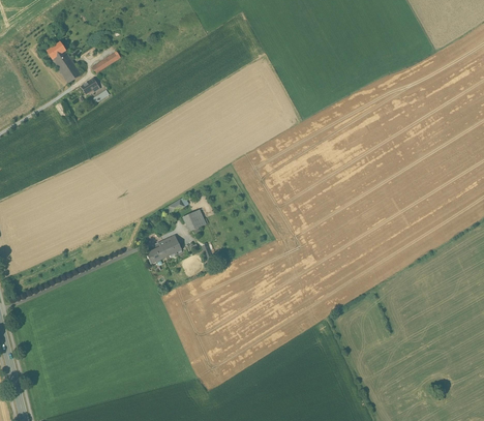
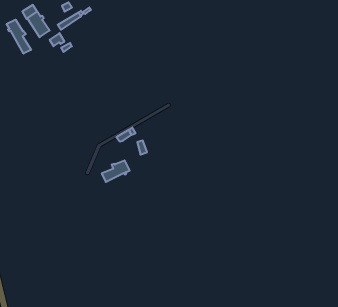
building: none -> [7,20,31,54]

